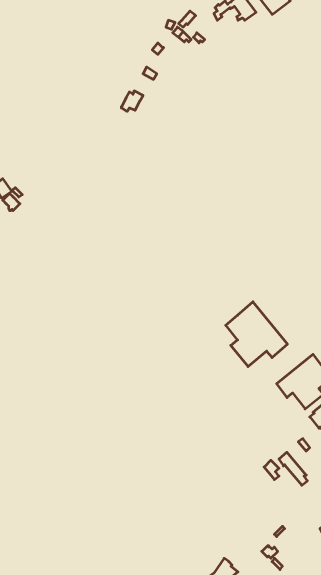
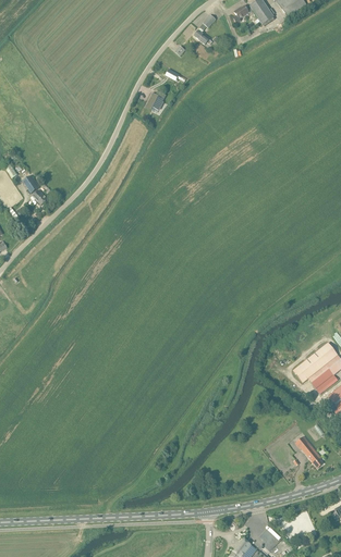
building: [226,302,287,367] -> none

